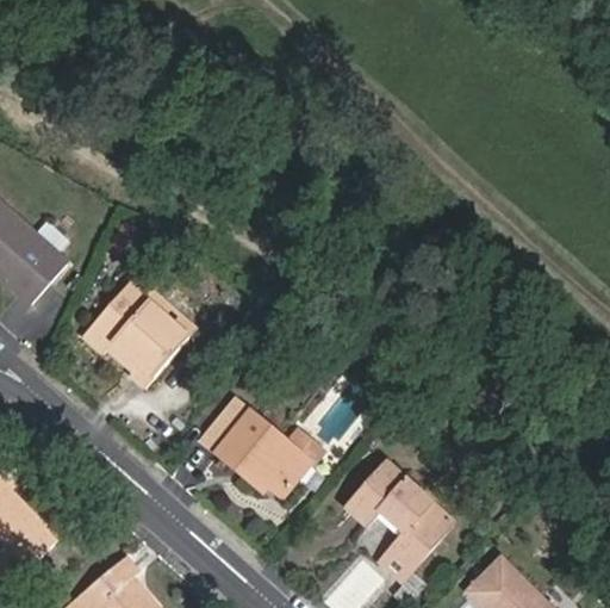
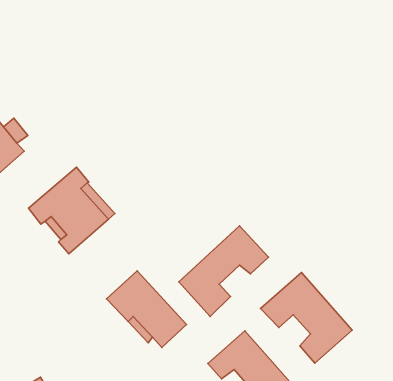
building: none -> [179,226,269,316]
building: none -> [261,273,352,363]

